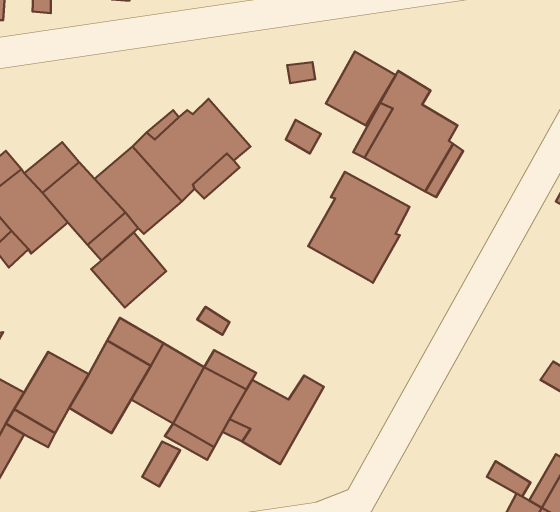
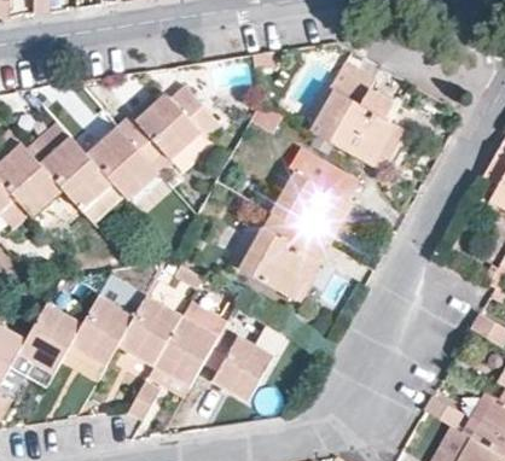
building: [326,52,396,126] -> none
building: [91,232,166,308] -> none
building: none -> [239,214,323,299]

